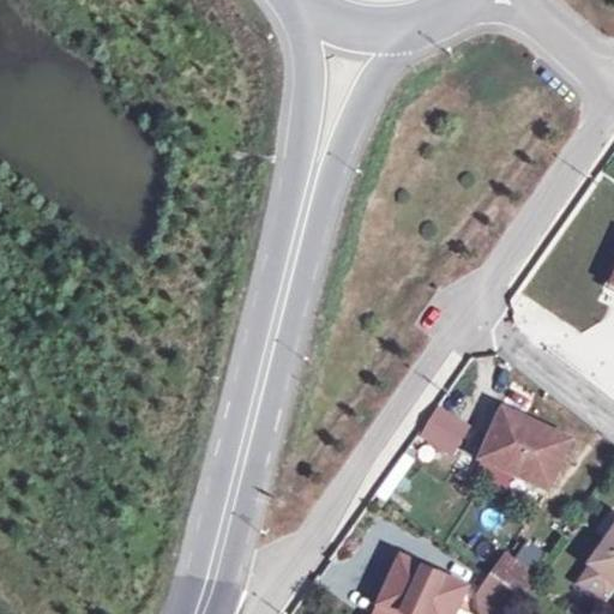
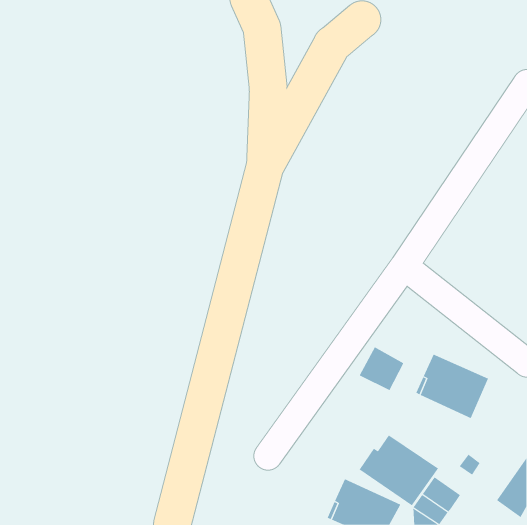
building: none -> [359,435,439,506]

